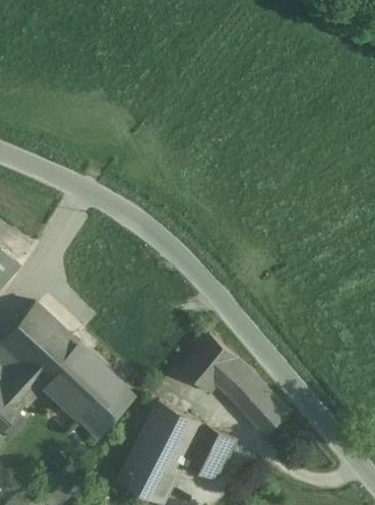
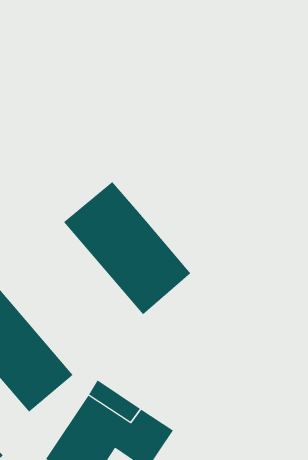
building: none -> [63,181,191,315]
building: [180,337,289,437] -> none

